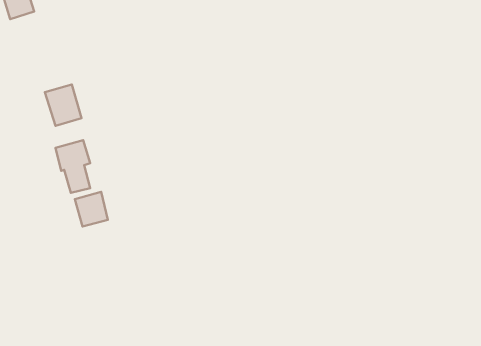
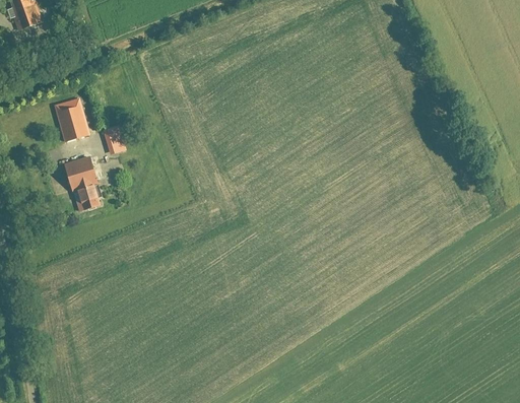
building: none -> [104,125,126,153]
building: [75,192,108,227] -> none

